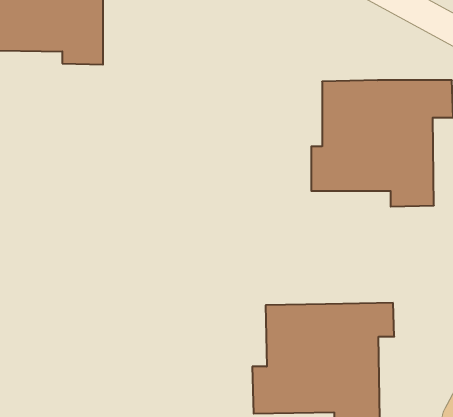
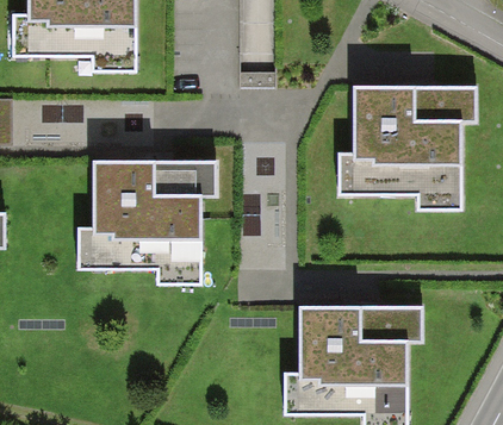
building: none -> [80,158,221,283]

